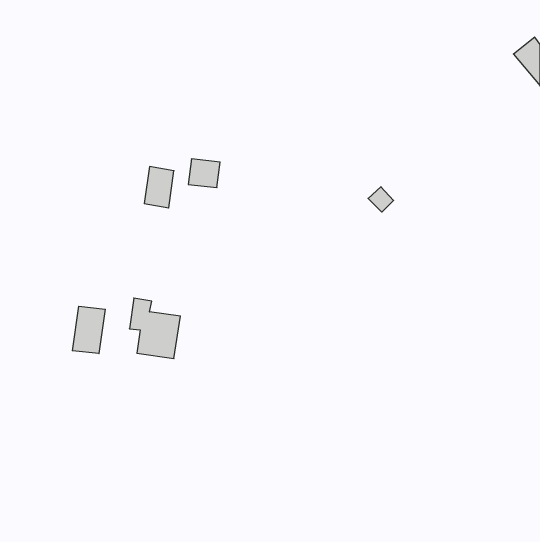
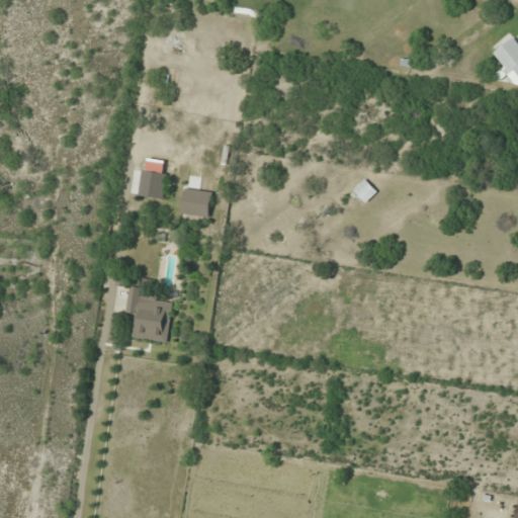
building: [188,159,220,188] -> [180,188,210,215]
building: [72,306,105,354] -> none

